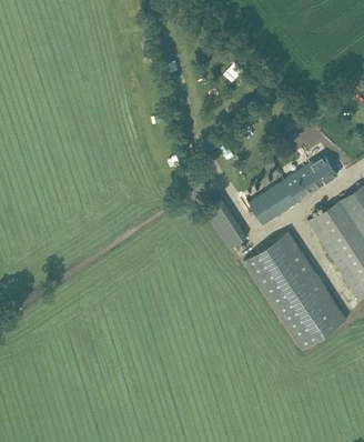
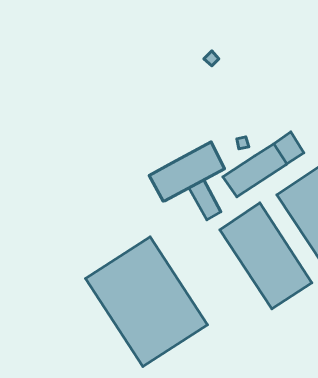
building: none -> [149,142,225,201]
building: none -> [85,237,208,367]

